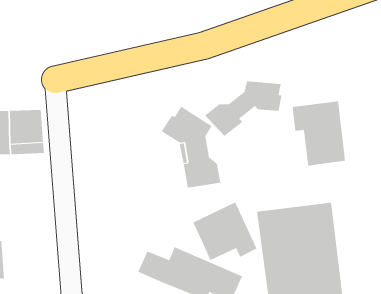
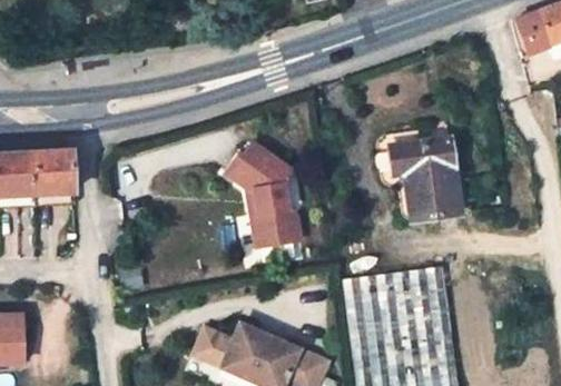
building: [204,81,282,137] -> none
building: [193,202,257,261] -> none

